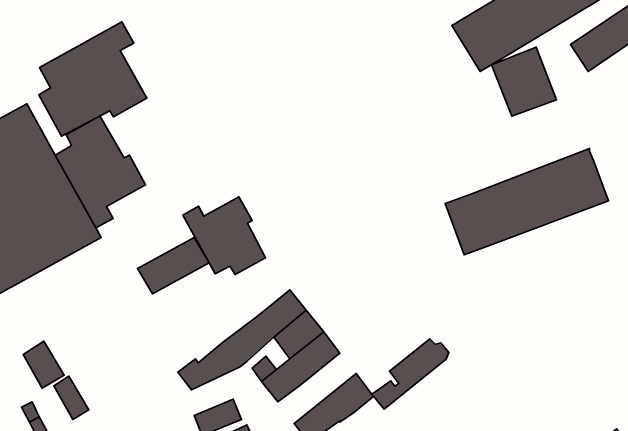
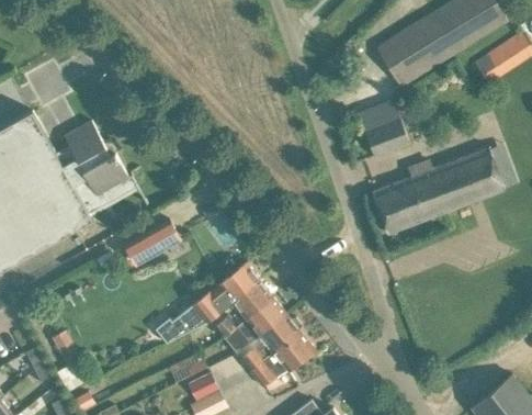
building: [39,22,147,136] -> none
building: [492,47,556,116] -> [358,101,410,157]
building: [183,197,266,274] -> none
building: [372,339,449,409] -> [239,314,302,371]
building: [23,341,64,388] -> none

